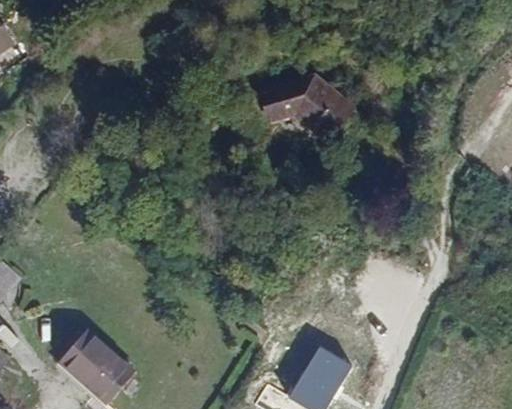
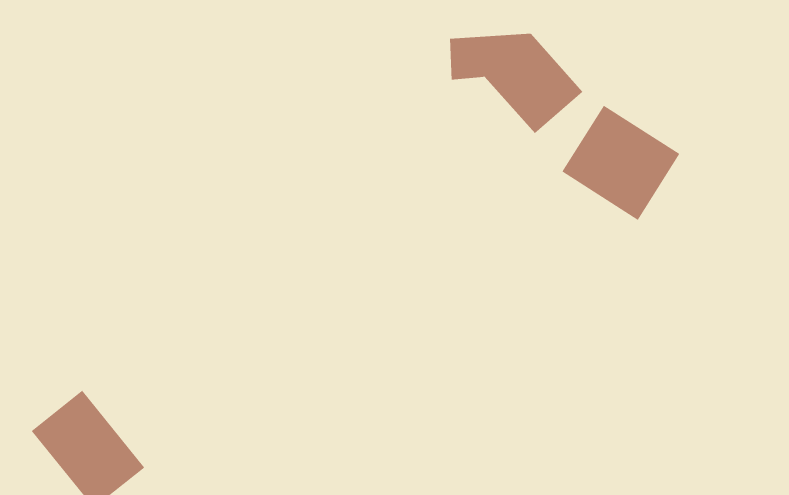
building: none -> [561,105,680,221]

